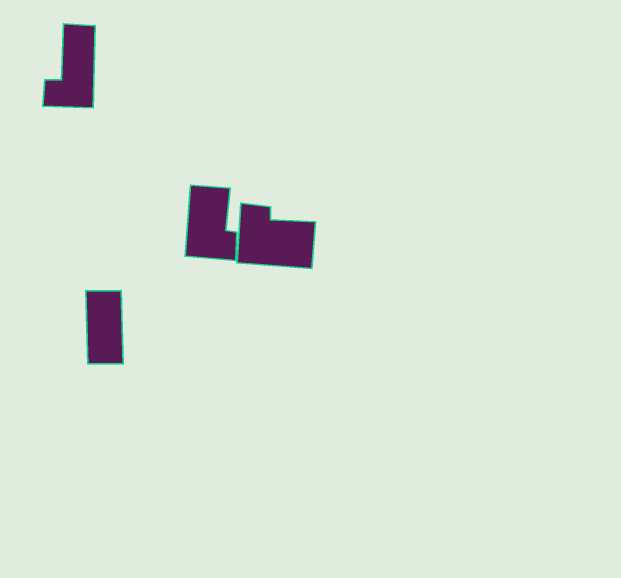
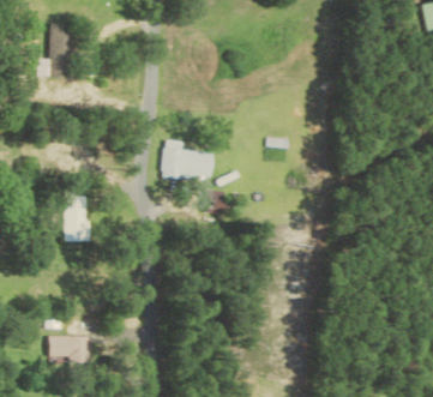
building: [185,185,237,261] -> none
building: none -> [50,333,91,361]

